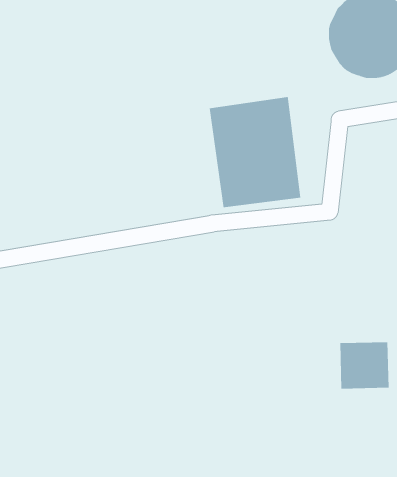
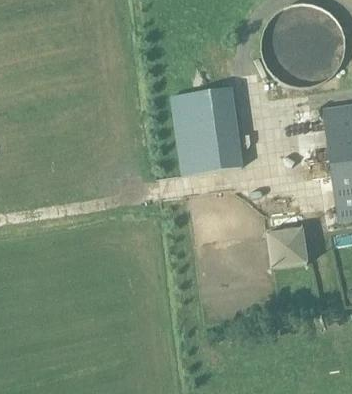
building: [339,342,389,389] -> [269,227,308,264]

